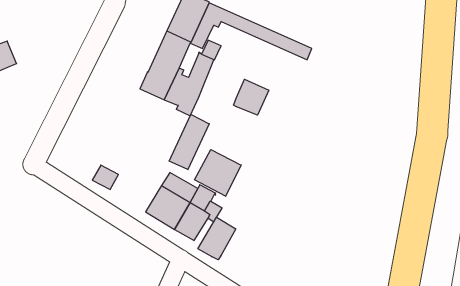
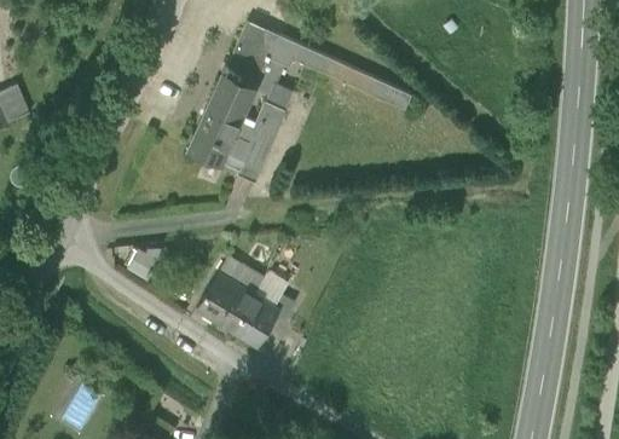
building: [233,79,269,115] -> none
building: [169,115,209,170] -> none
building: [195,150,241,196] -> none
building: [198,217,236,260] -> none

